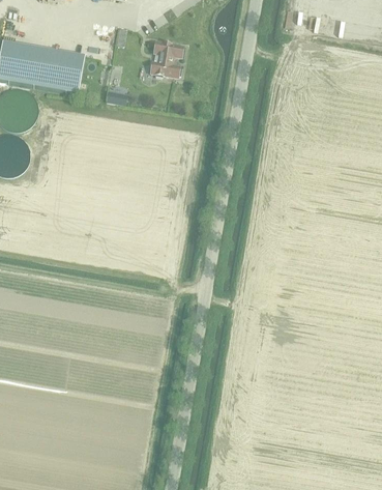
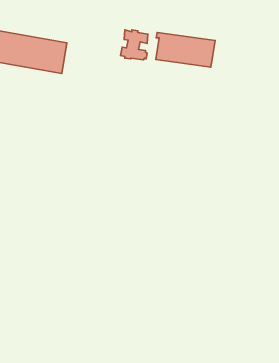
building: none -> [156,33,215,67]

